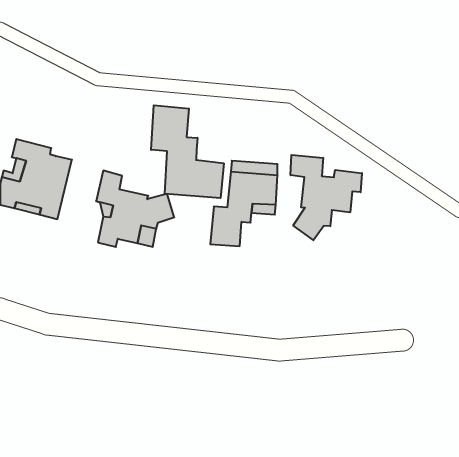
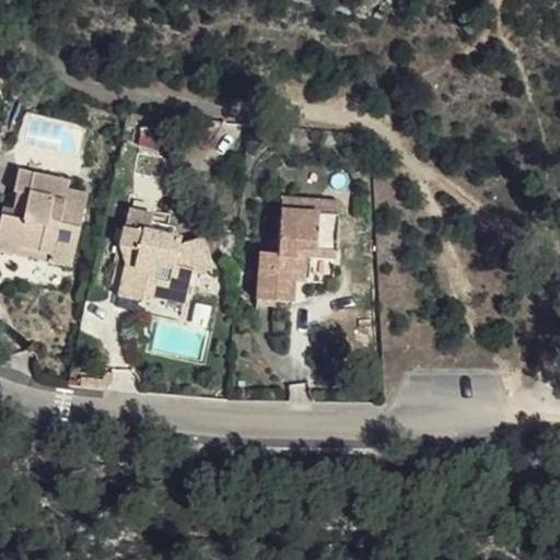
building: [151,105,224,198] -> none
building: [291,155,362,240] -> none

